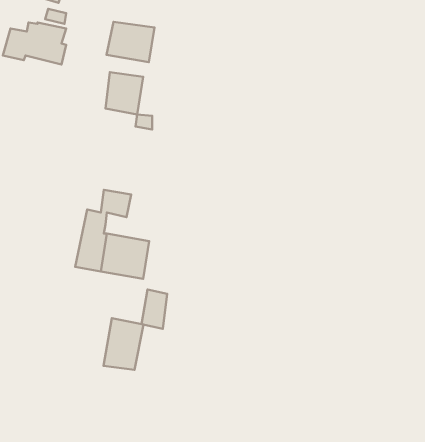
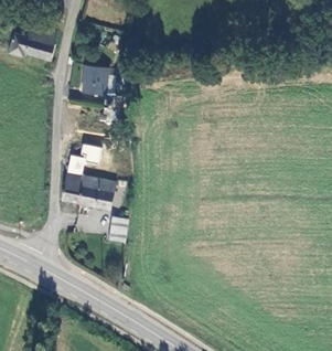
building: [107,22,154,62] -> none
building: [104,318,144,370] -> none

